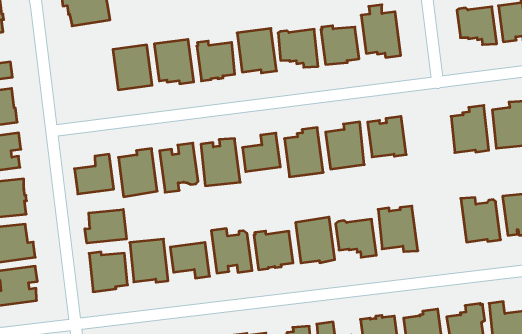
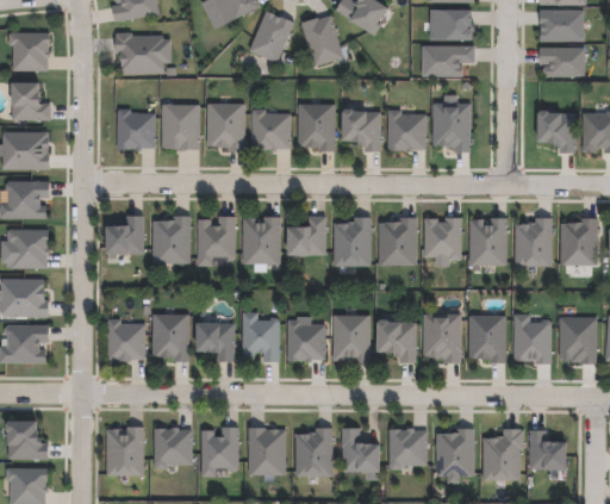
building: none -> [117,108,155,150]
building: none -> [469,217,508,265]
building: none -> [469,316,506,363]
building: [85,209,126,243] -> none

